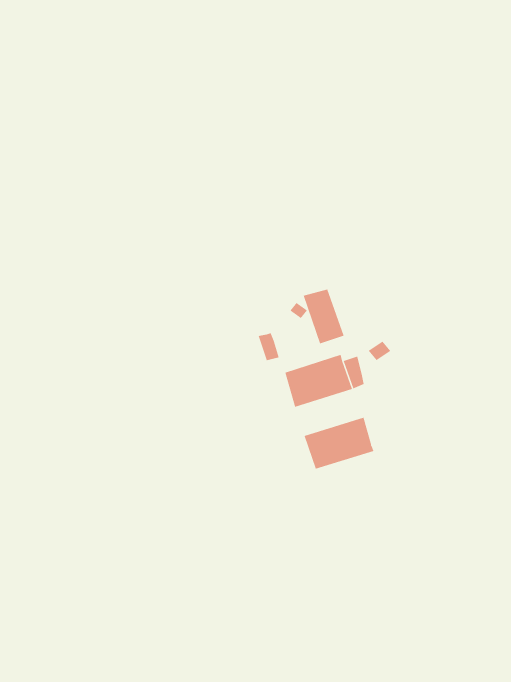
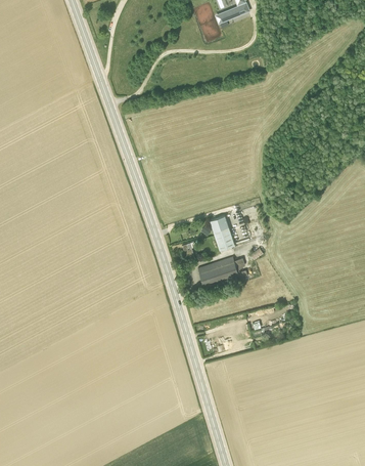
building: [304,417,374,469] -> none

